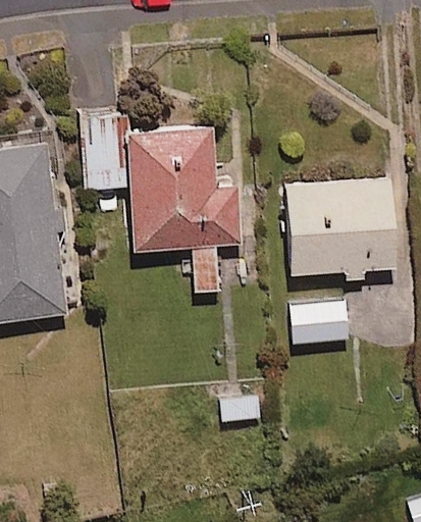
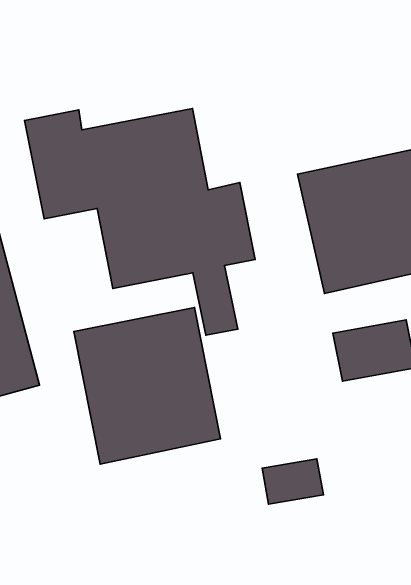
building: none -> [74,308,220,464]

